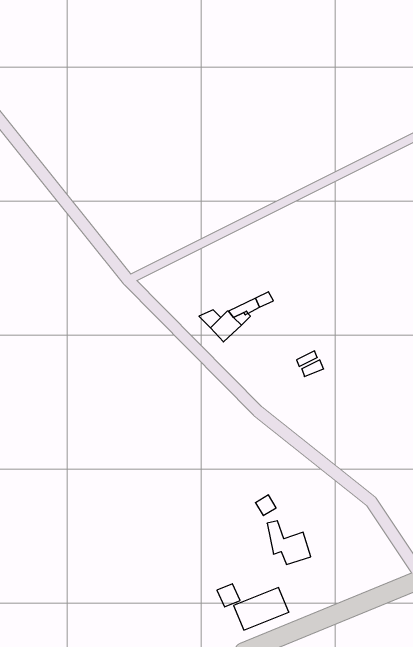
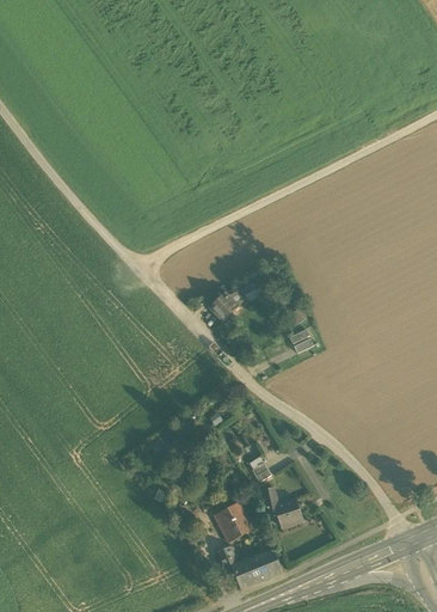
building: none -> [214,501,252,541]

